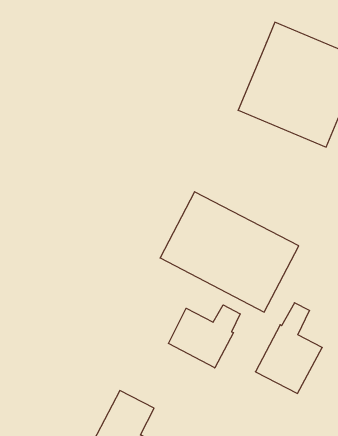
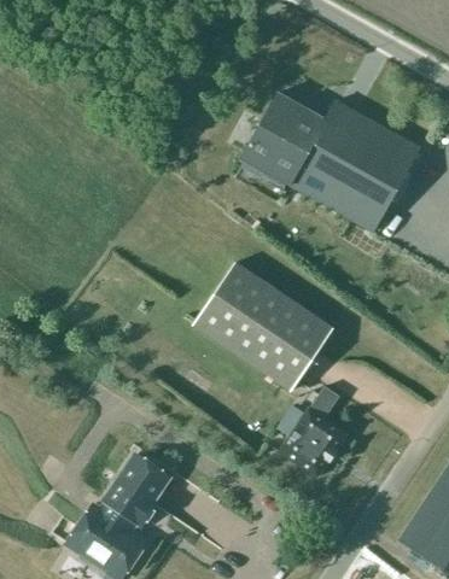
building: none -> [243,93,326,185]
building: [168,305,240,368] -> none

